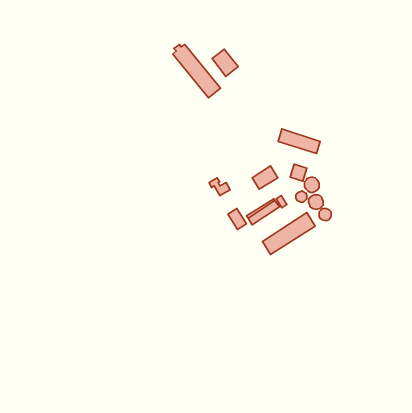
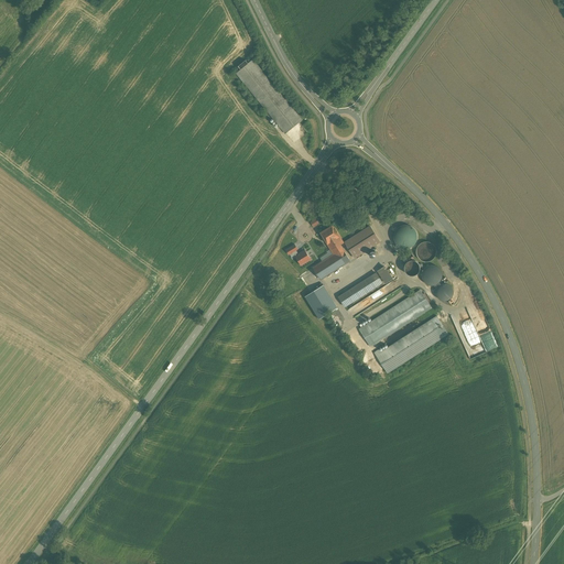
building: [212,49,238,77] -> none
building: [278,129,320,153] -> none
building: none -> [312,225,349,280]
building: none -> [375,316,447,372]

